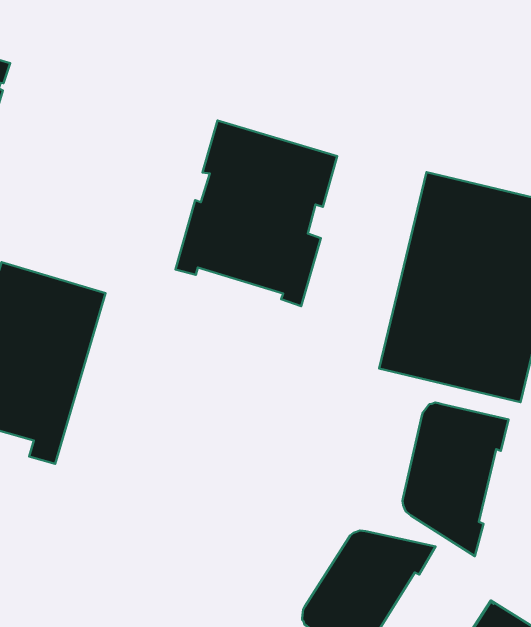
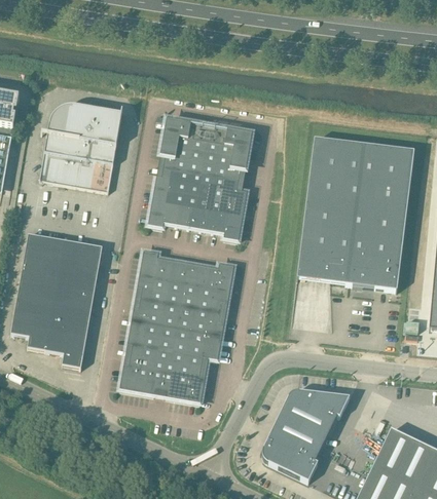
building: none -> [40,104,122,190]
building: none -> [120,250,234,401]
building: [403,403,508,556] -> none

